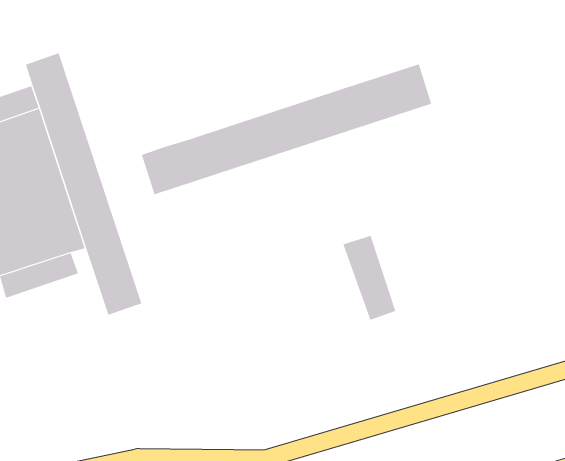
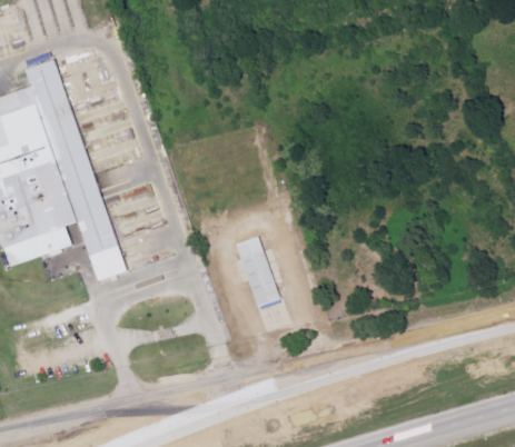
building: [141,63,432,195] -> none
building: [342,235,396,320] -> [232,236,278,308]

